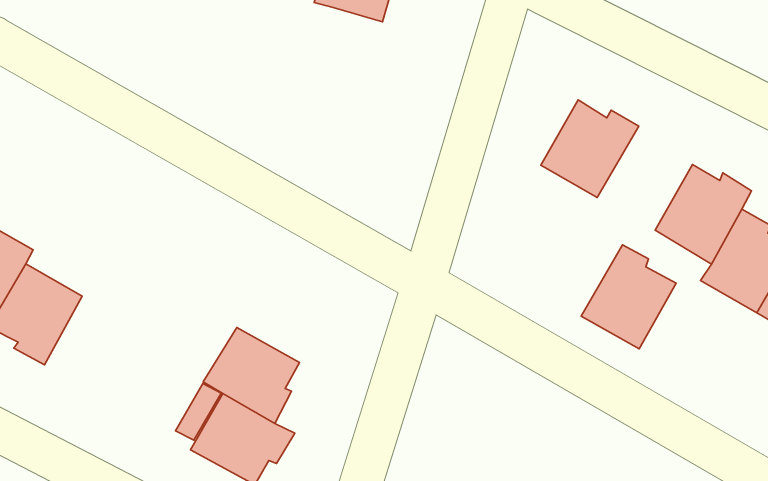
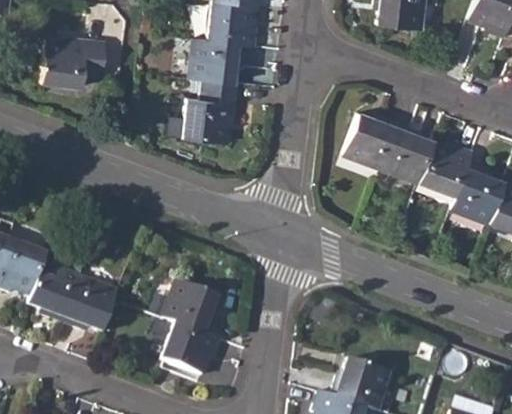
building: none -> [183,80,240,144]
building: [581,245,676,349] -> [381,122,435,183]
building: none -> [65,278,117,332]

